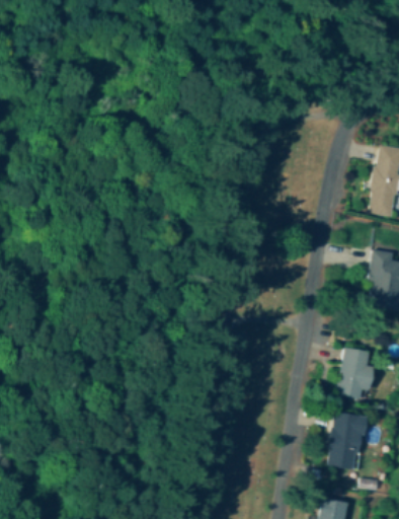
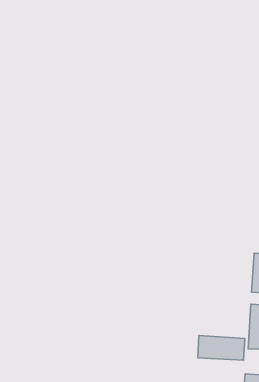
building: none -> [198,336,245,360]

